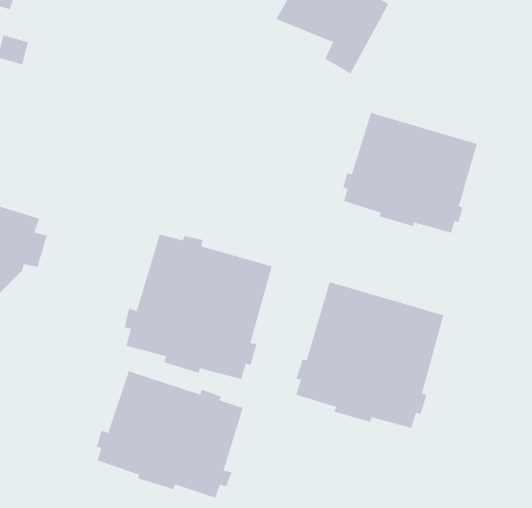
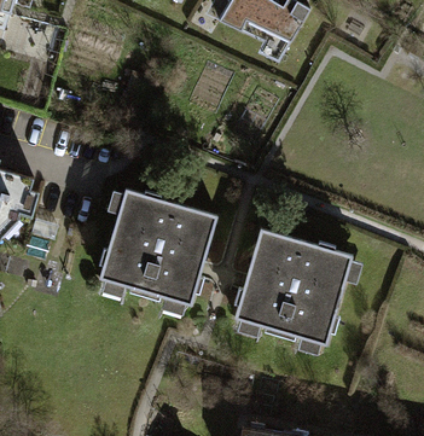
building: [343,112,477,234] -> none
building: [96,371,243,498] -> none

